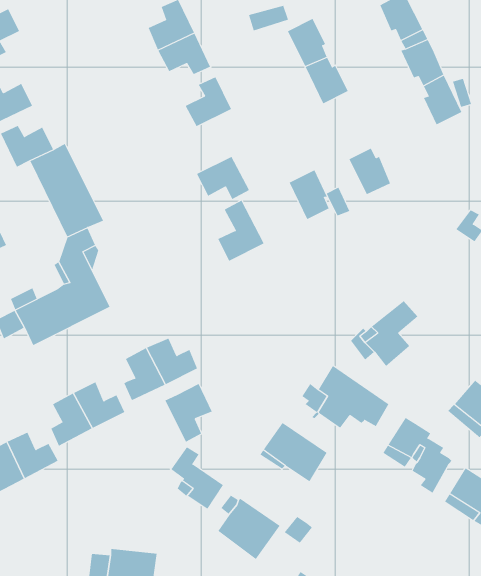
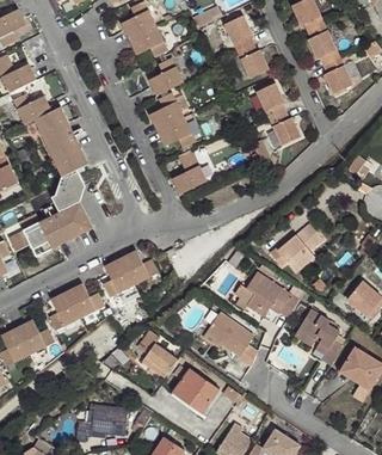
building: none -> [149,92,183,130]
building: [289,170,329,220] -> [255,82,285,119]
building: [165,383,213,442] -> none

